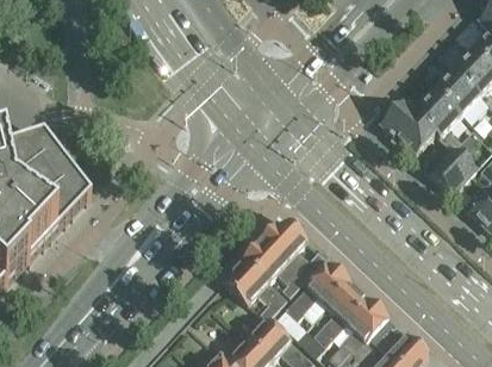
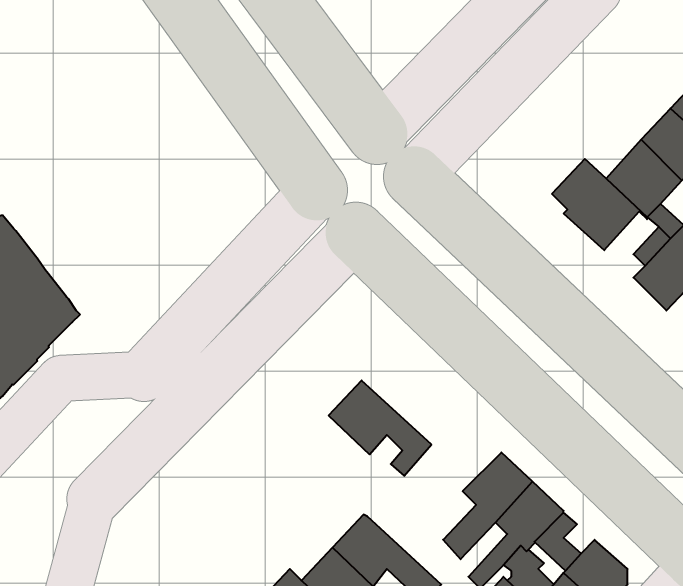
building: [263,220,324,275] -> none
building: [223,257,286,319] -> none
building: [285,261,349,318] -> none

